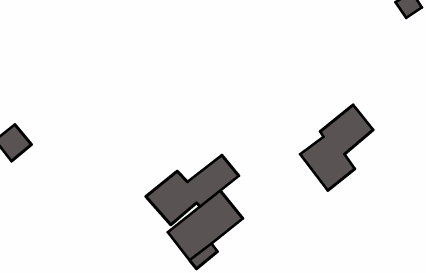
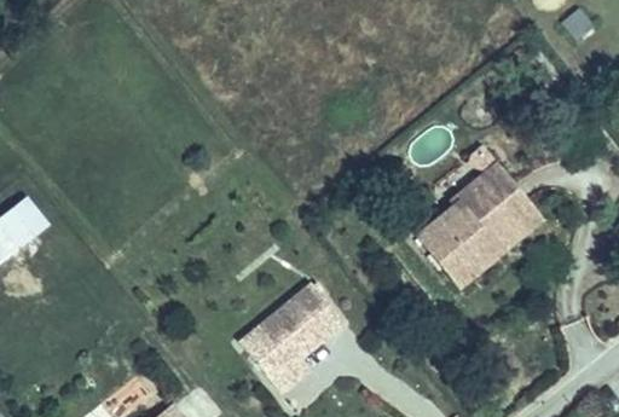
building: none -> [484,199,539,254]
building: [146,155,239,225] -> none

